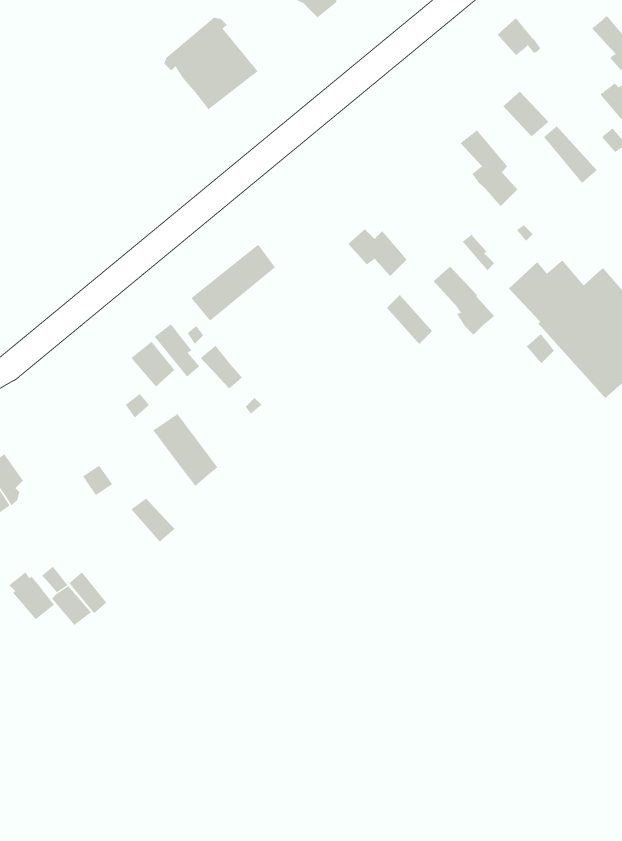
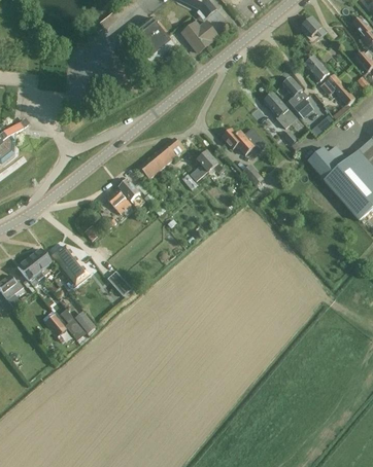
building: none -> [183,21,217,51]
building: [433,266,495,336] -> [263,92,296,129]
building: none -> [189,150,223,181]
building: [152,413,218,487] -> [52,245,87,284]

